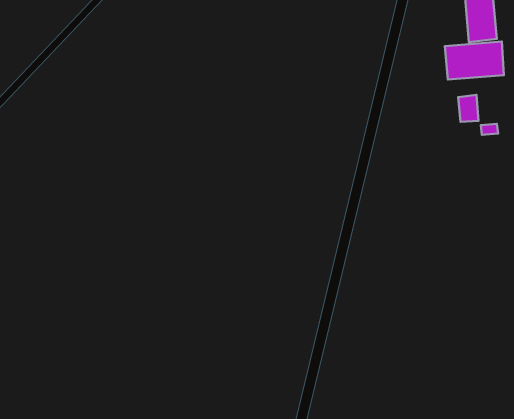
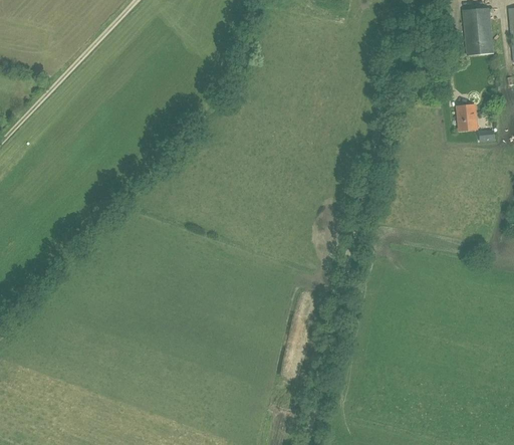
building: [445,41,504,80] -> none

